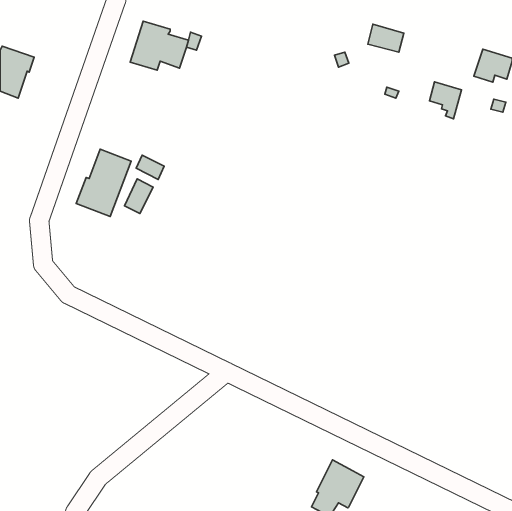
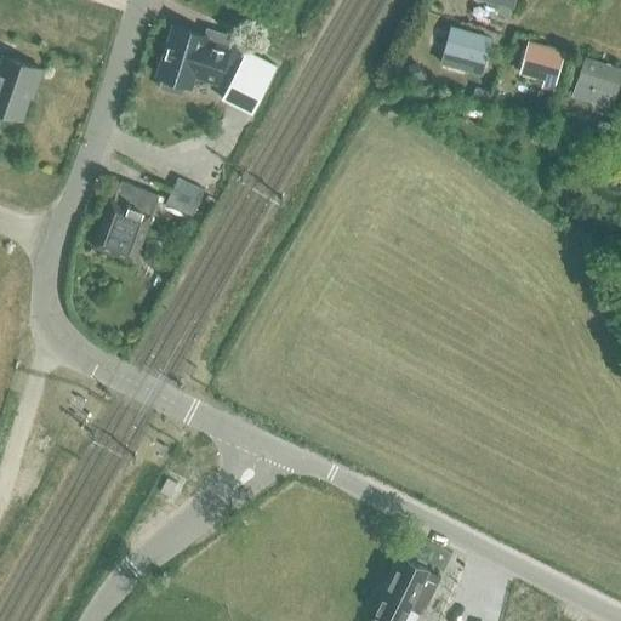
building: none -> [222,52,277,115]
building: [429,82,462,119] -> [523,45,562,90]
building: [125,179,153,213] -> none

